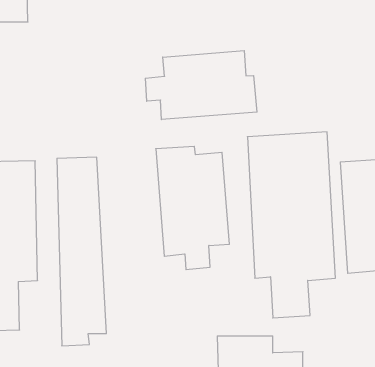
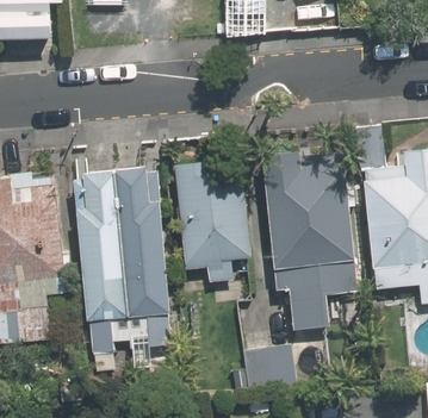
building: [145,51,257,120] -> none
building: none -> [119,168,169,354]

